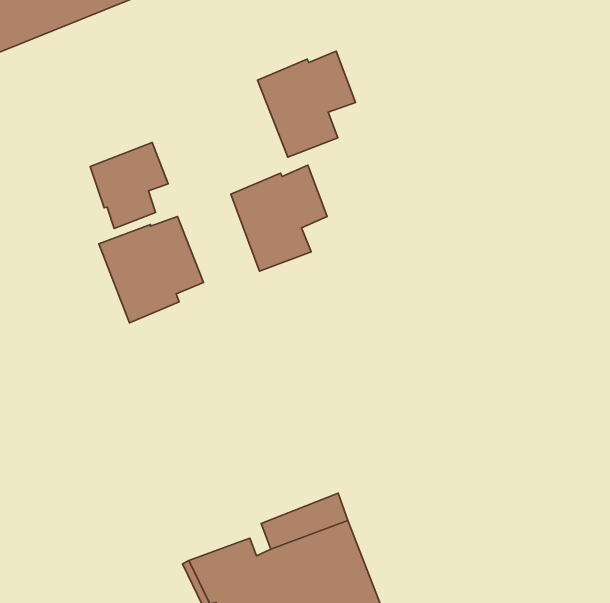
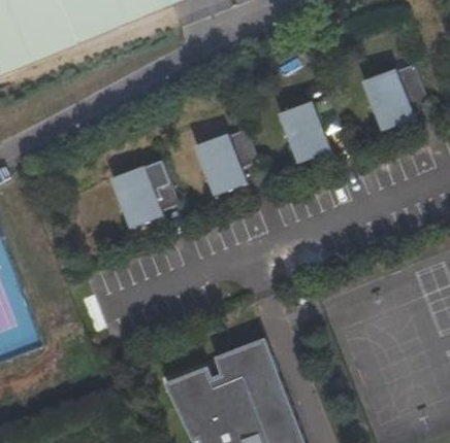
building: [257,51,355,157] -> [279,96,342,164]
building: none -> [363,64,429,131]
building: [90,142,168,229] -> none

